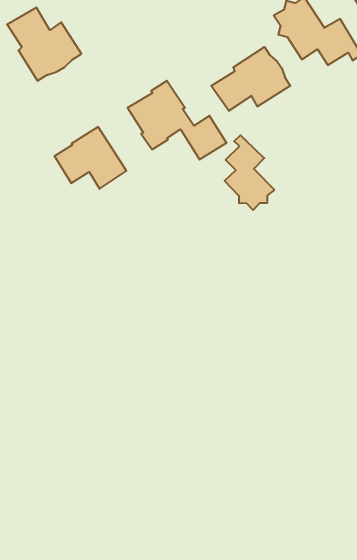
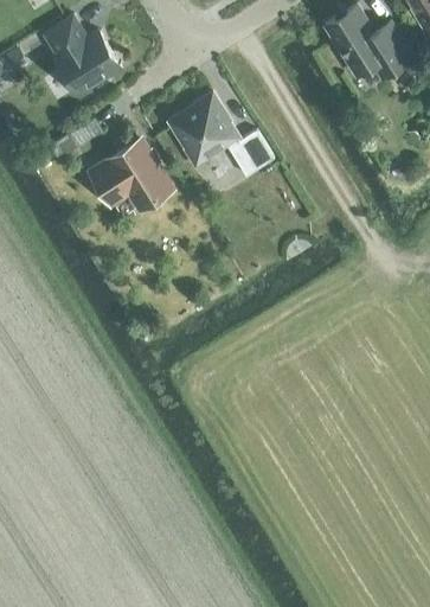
building: [211,47,290,111] -> none
building: [225,135,274,210] -> none

